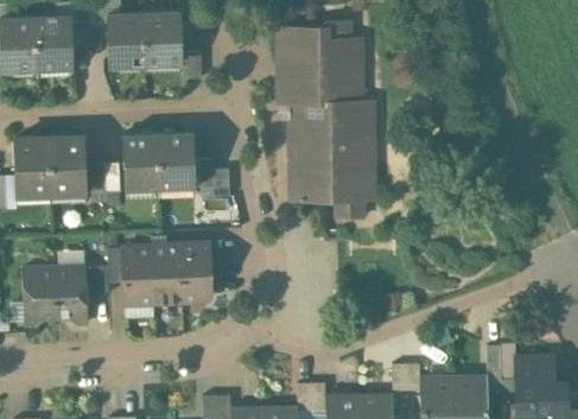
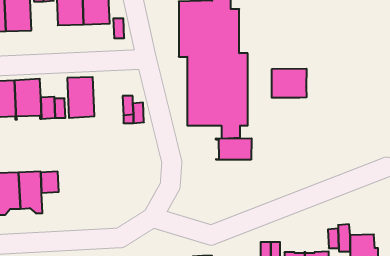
building: none -> [272,69,306,98]
building: [158,133,195,189] -> none
building: none -> [216,138,252,160]
building: [122,245,211,304] -> none

